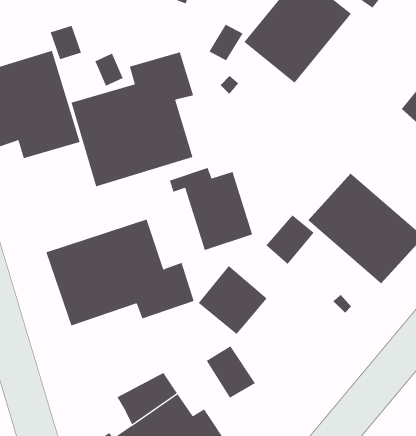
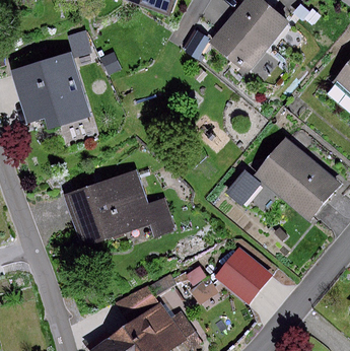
building: [71,51,194,187] -> none
building: [169,167,253,251] -> none
building: [198,265,267,335] -> [217,249,268,299]

